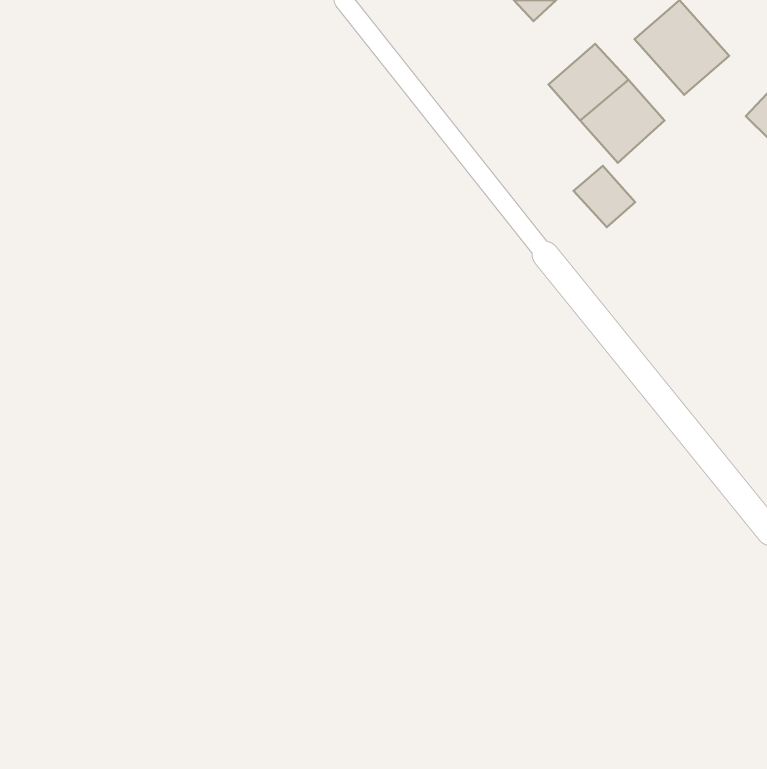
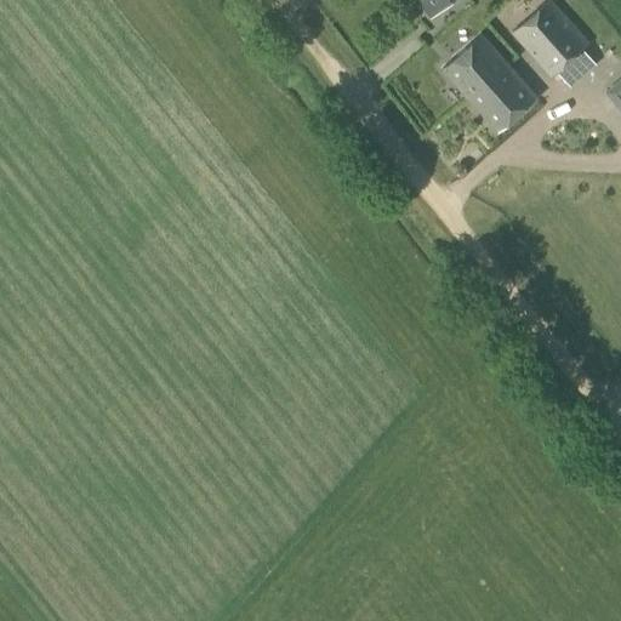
building: [573,166,635,227] -> none

